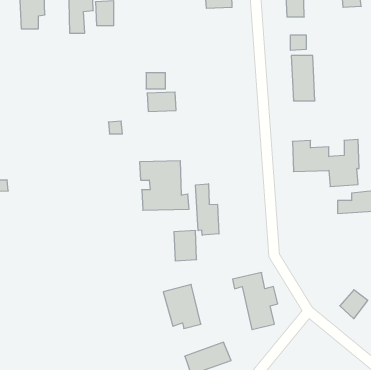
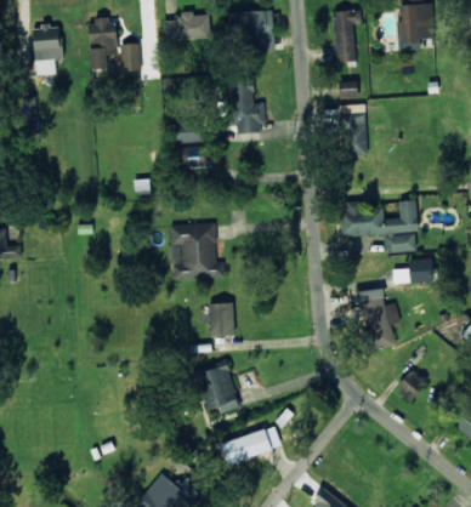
building: none -> [229,79,265,132]
building: [196,184,219,235] -> none
building: [233,273,278,330] -> [350,286,401,351]

